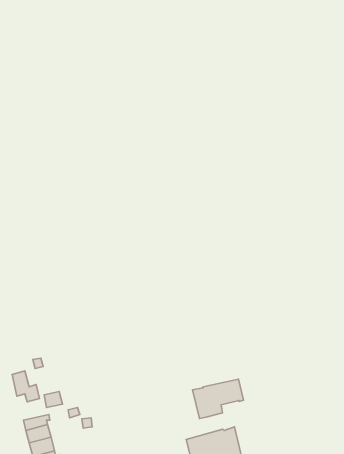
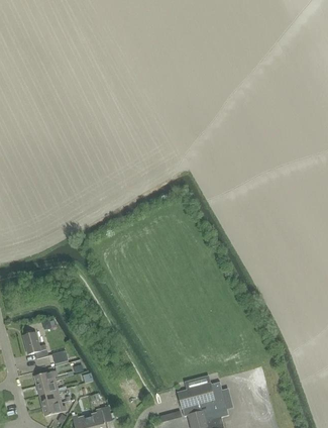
building: [193,379,244,419] -> none

